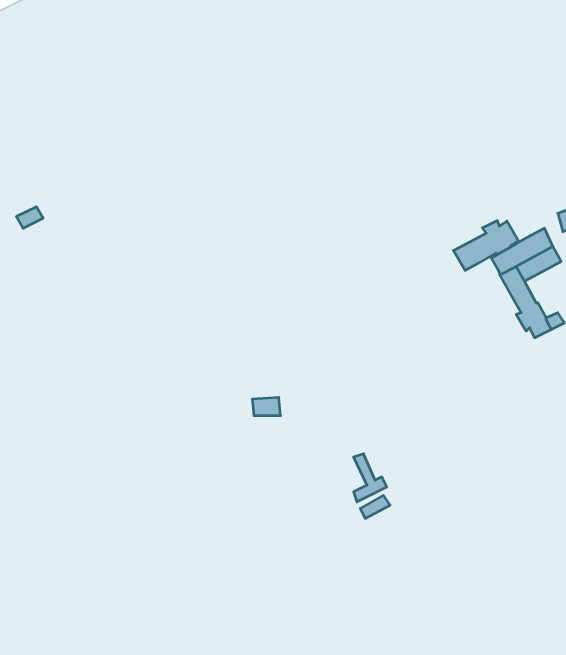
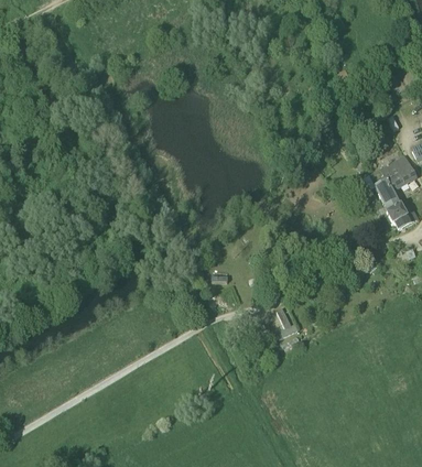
building: [453,221,519,270] -> none

